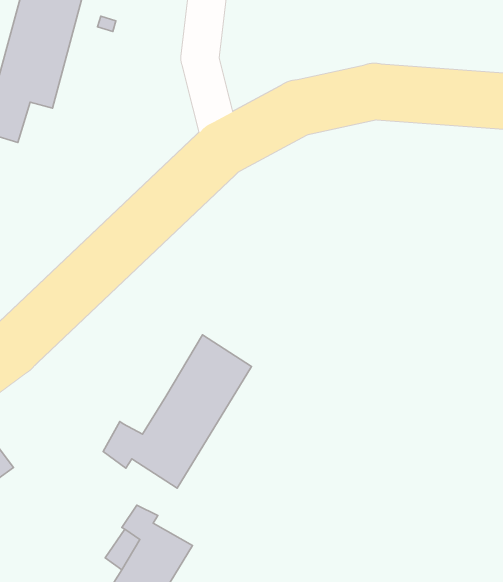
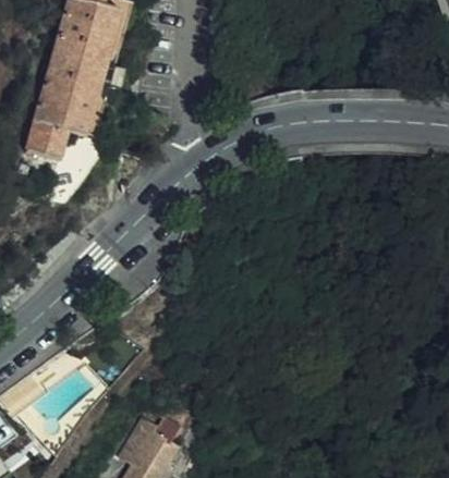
building: [103,335,251,488] -> none

